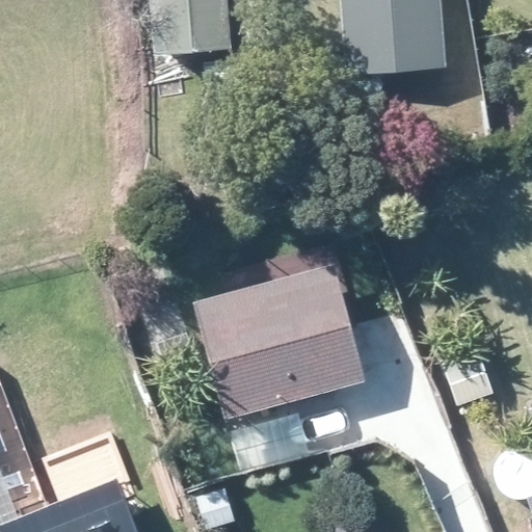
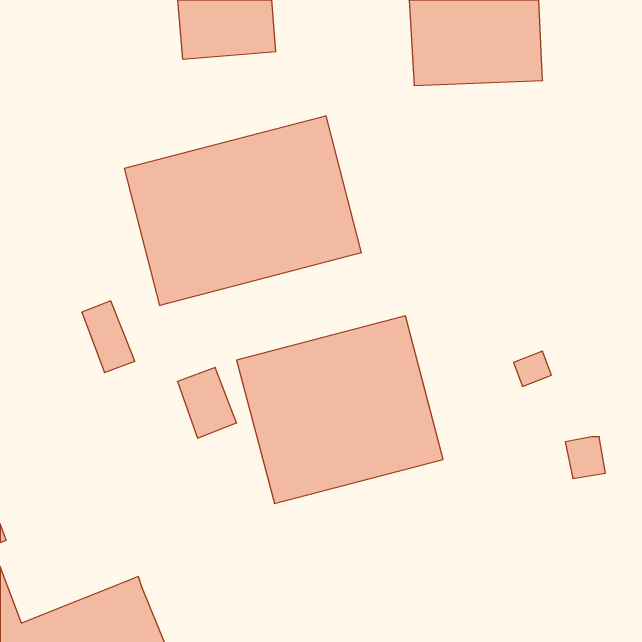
building: none -> [124,116,361,306]

